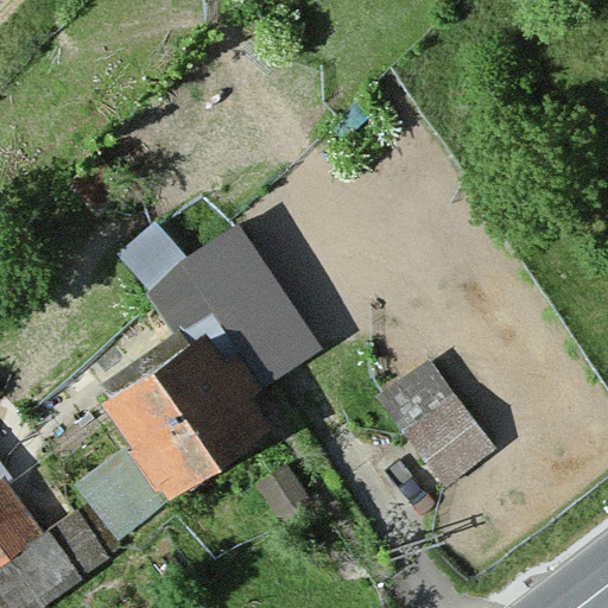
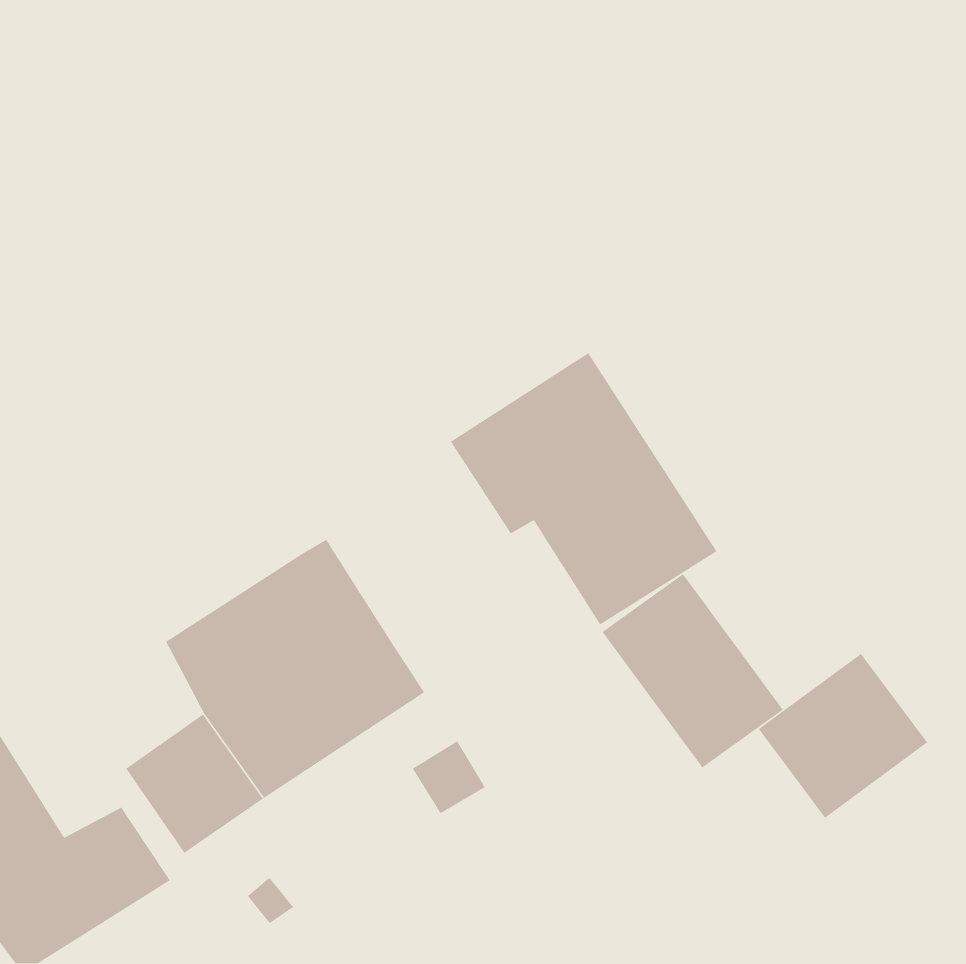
building: [152,232,319,403] -> [450,352,717,626]
building: none -> [758,653,928,819]

